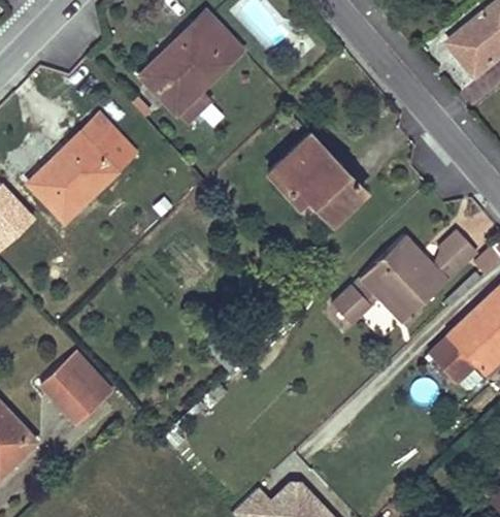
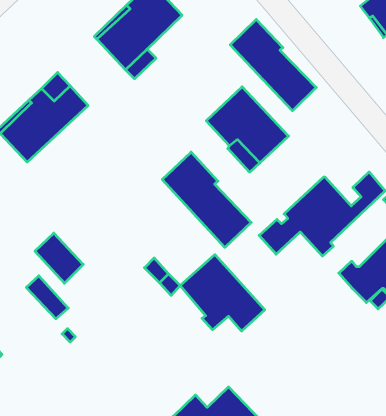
building: none -> [230,19,316,111]
building: none -> [162,152,251,247]
building: none -> [180,255,265,331]
building: [41,363,97,421] -> [35,233,83,283]

